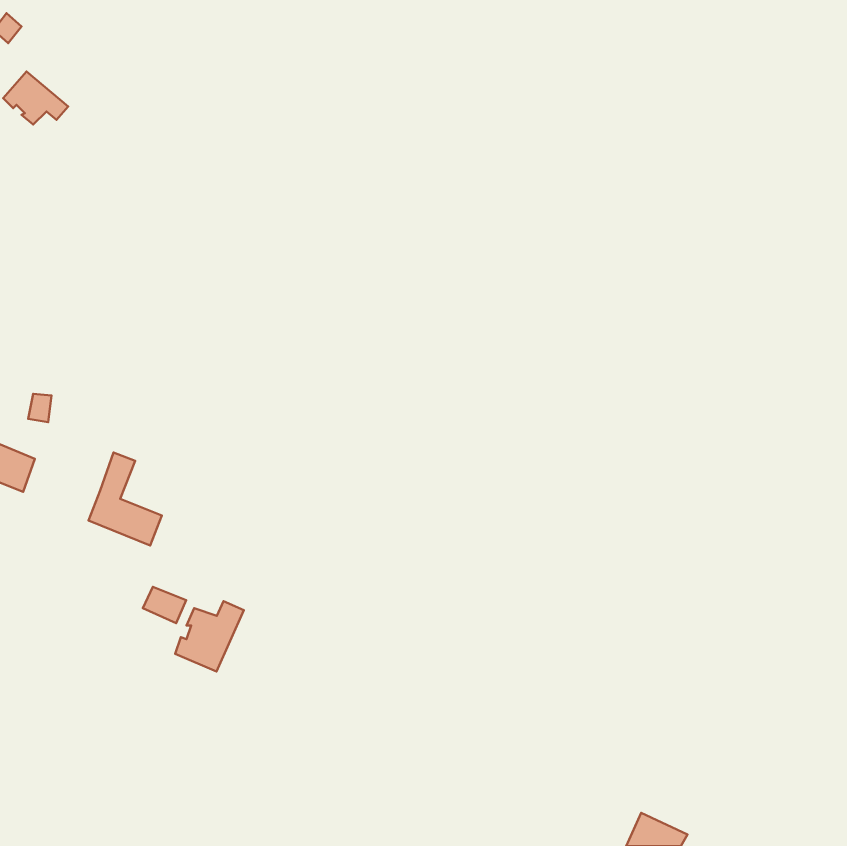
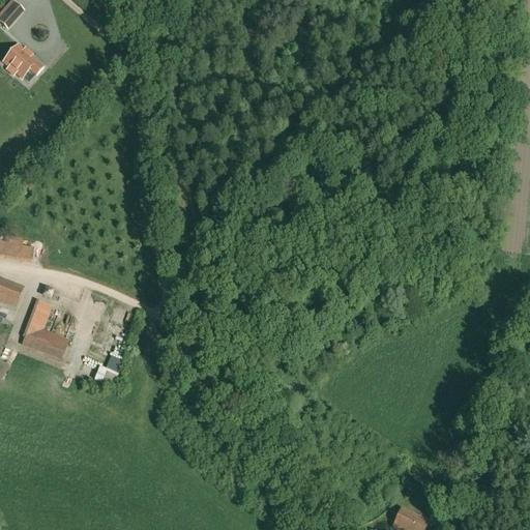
building: [89,452,162,546] -> [22,301,67,359]
building: [175,601,244,671] -> none

